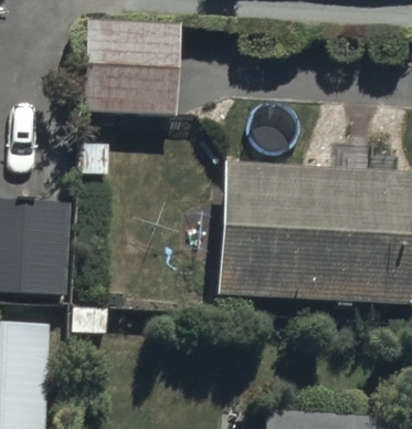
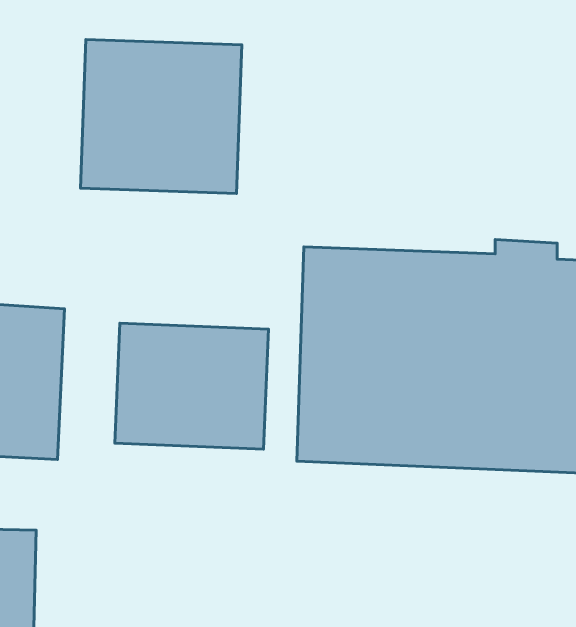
building: none -> [115,323,268,449]

